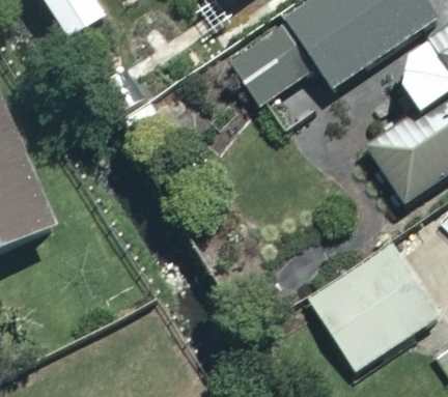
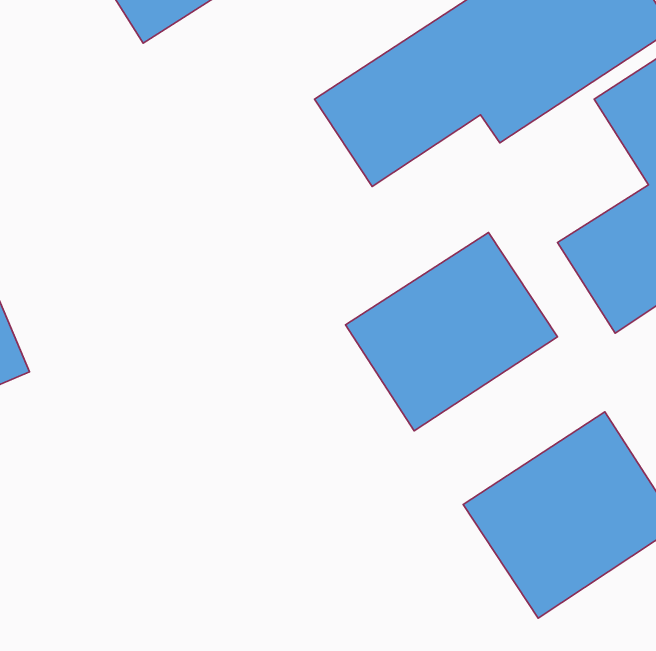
building: none -> [346,233,558,431]

